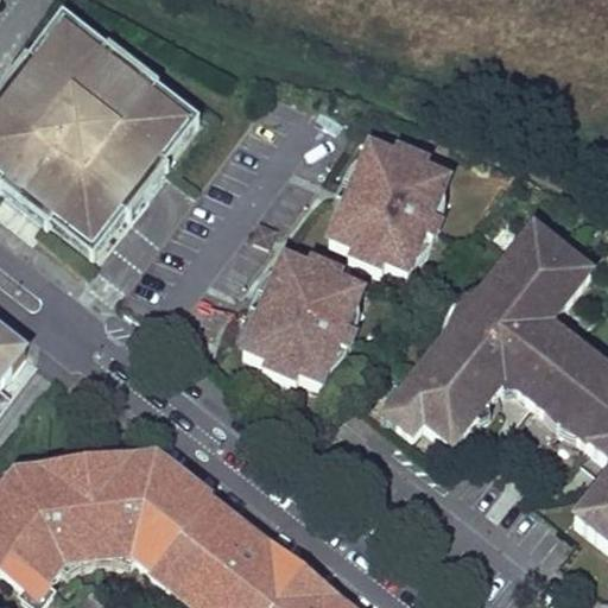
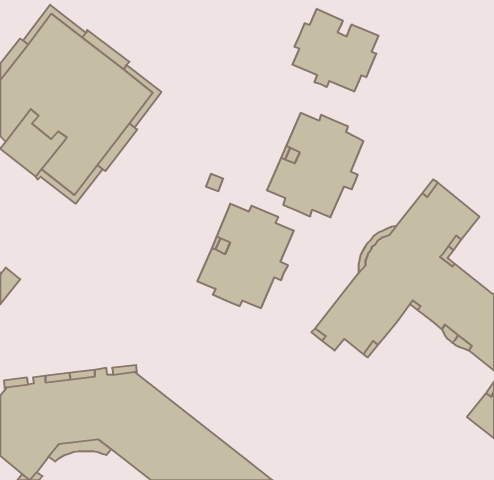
building: none -> [292,9,378,92]

